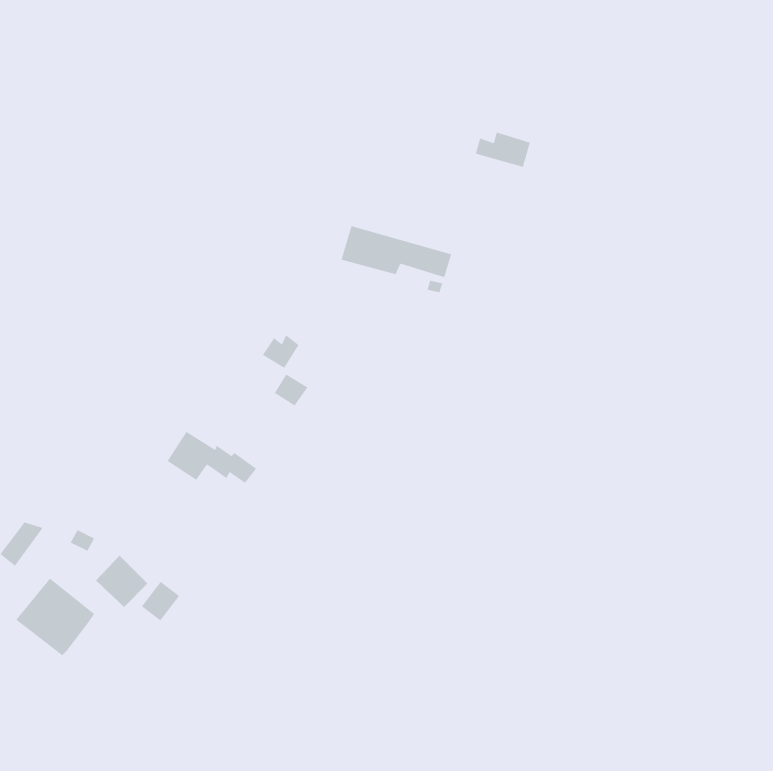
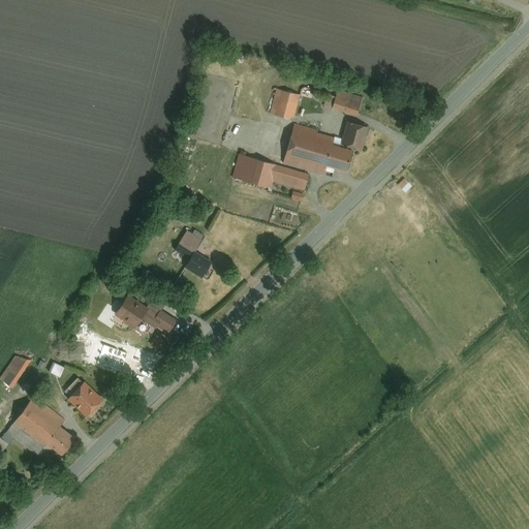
building: none -> [271,90,300,119]
building: none -> [285,122,368,174]
building: [141,581,180,622] -> [46,428,73,456]

